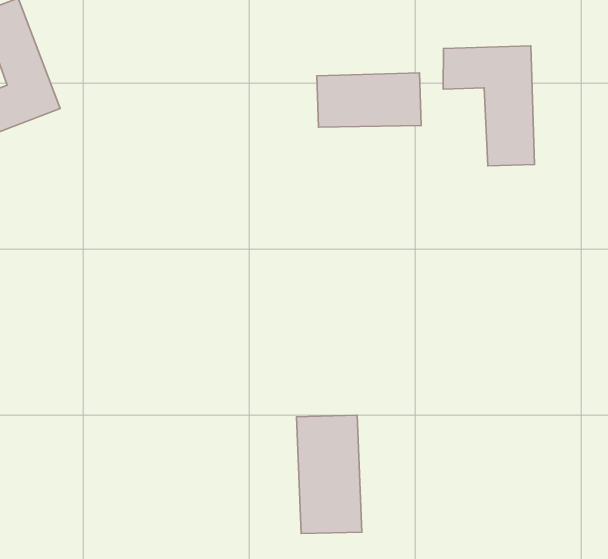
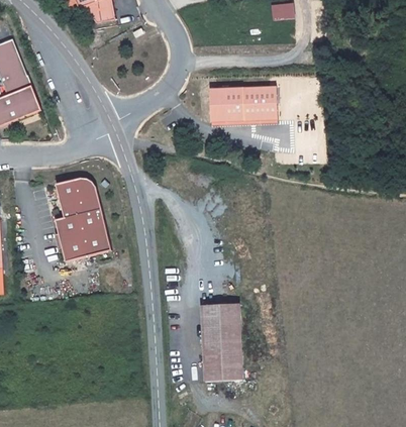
building: [443,46,534,166] -> none
building: none -> [54,181,110,264]

